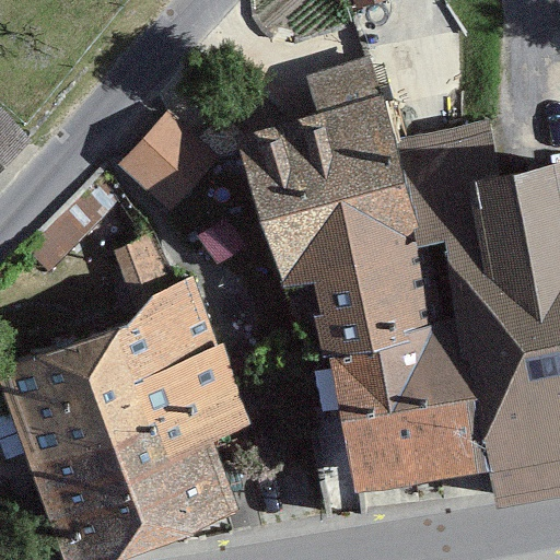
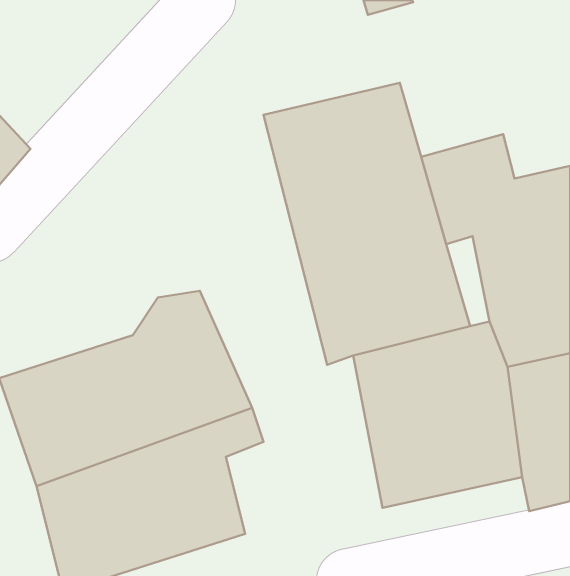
building: [118,117,214,213] -> none

